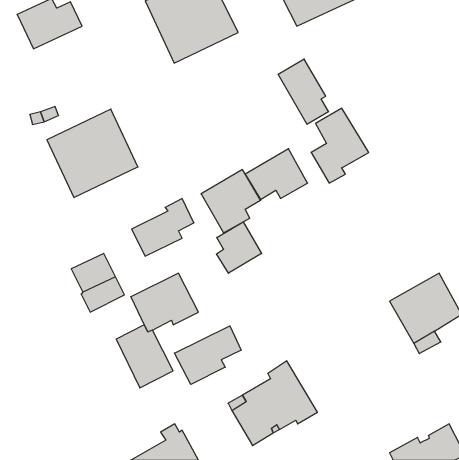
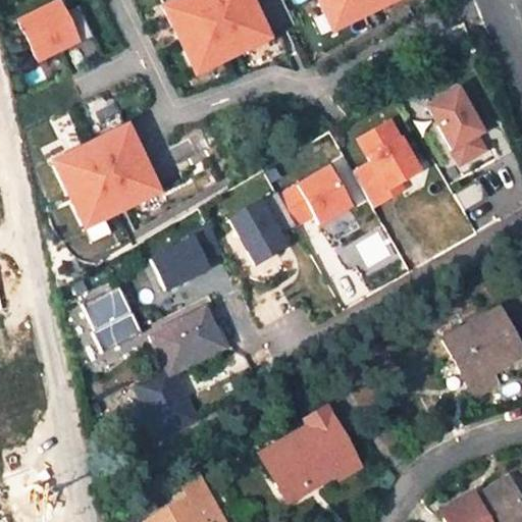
building: [278,59,329,124] -> [428,91,485,164]
building: [216,222,262,273] -> none
building: [174,326,241,384] -> none

